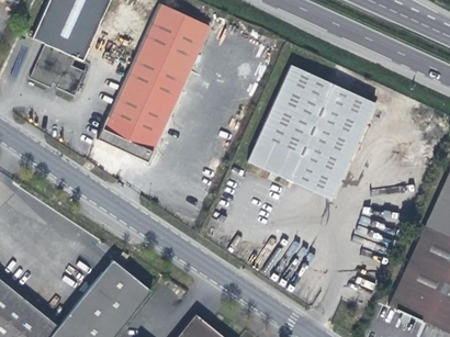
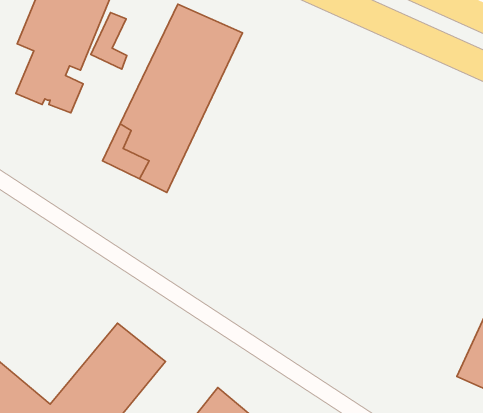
building: none -> [91,12,127,69]
building: [252,63,382,196] -> none

